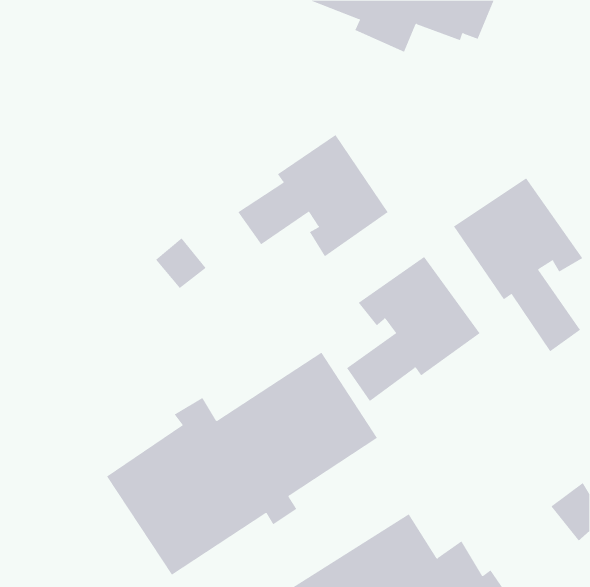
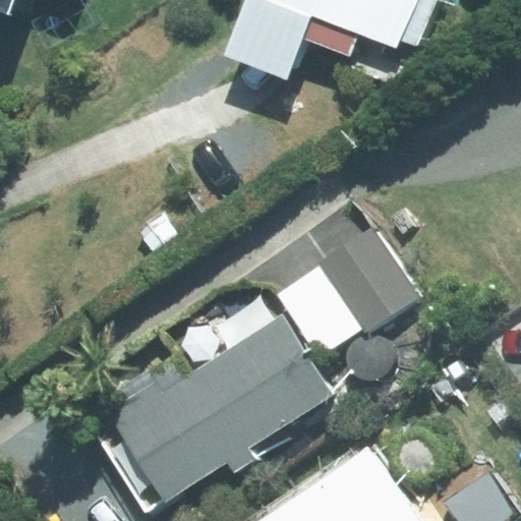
building: [237,134,388,257] -> none
building: [453,177,583,352] -> none

